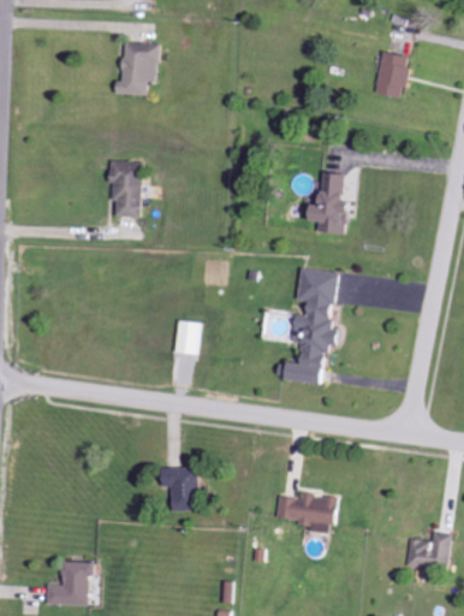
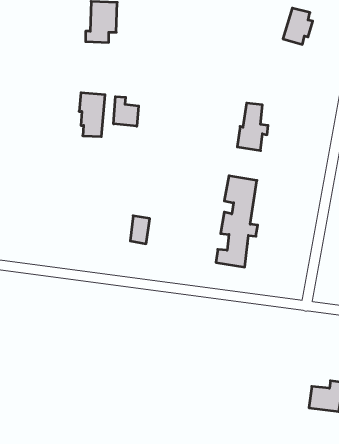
building: none -> [114,97,139,126]
building: [163,467,196,511] -> none
building: [275,493,338,529] -> none
building: [46,562,94,605] -> none

